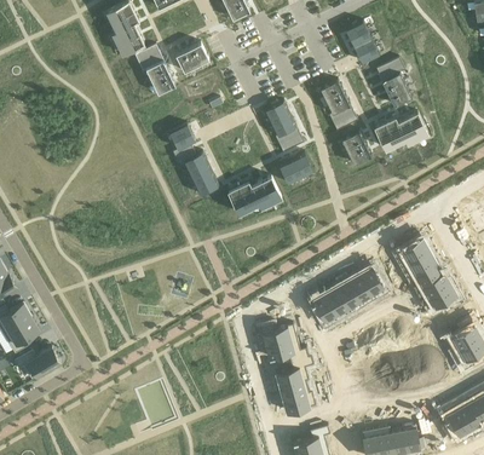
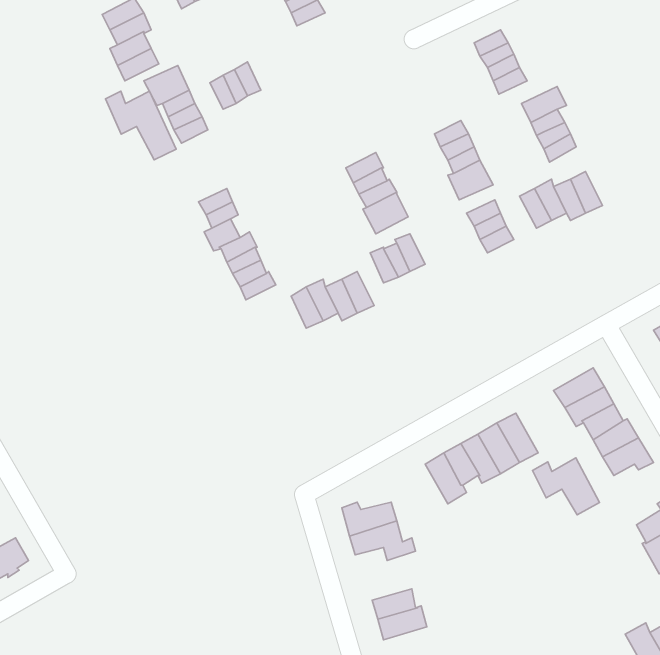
building: none -> [106,91,176,160]
building: none -> [533,458,600,515]
building: [277,355,313,387] -> none

